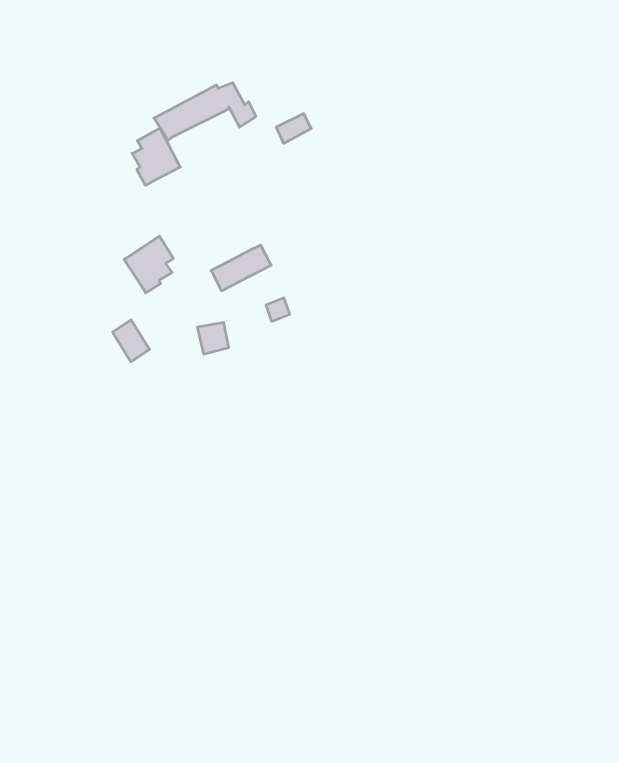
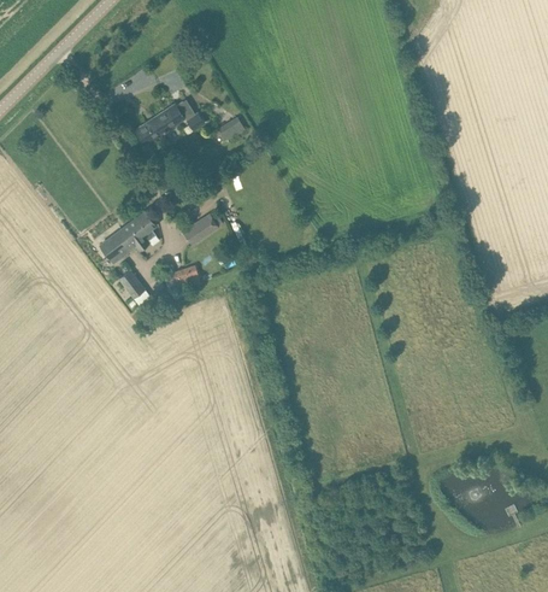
building: [132,128,180,185] -> none
building: none -> [99,228,135,262]

